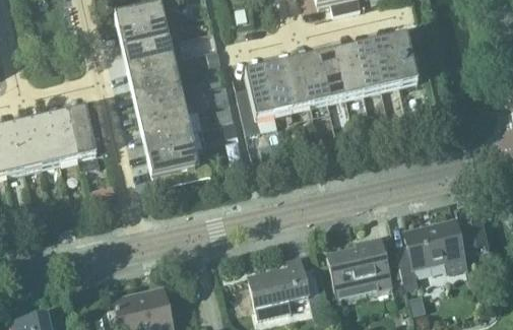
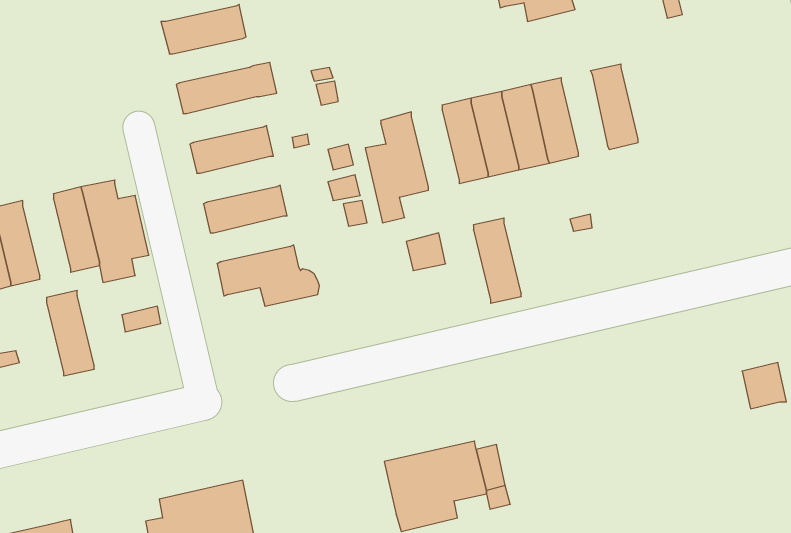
building: [120,22,170,51] -> none
building: [389,35,419,85] -> none
building: [354,43,382,93] -> none
building: [128,58,178,86] -> none
building: [264,63,293,114] -> [473,218,521,303]
building: [136,93,186,122] -> none
building: [33,116,61,167] -> [47,291,94,376]
building: [144,129,194,157] -> none
building: [395,219,466,287] -> none
building: [327,236,391,292] -> none

